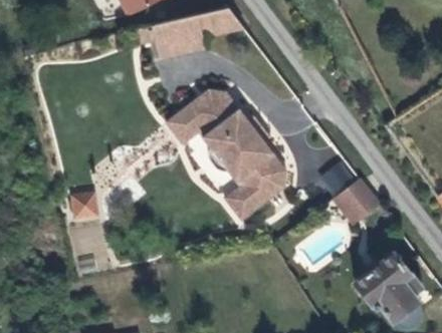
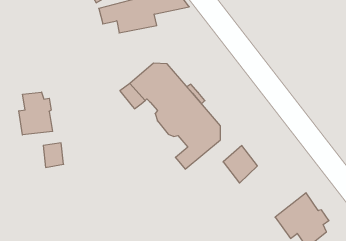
building: none -> [19,92,53,135]
building: [336,172,378,218] -> [223,146,257,183]

